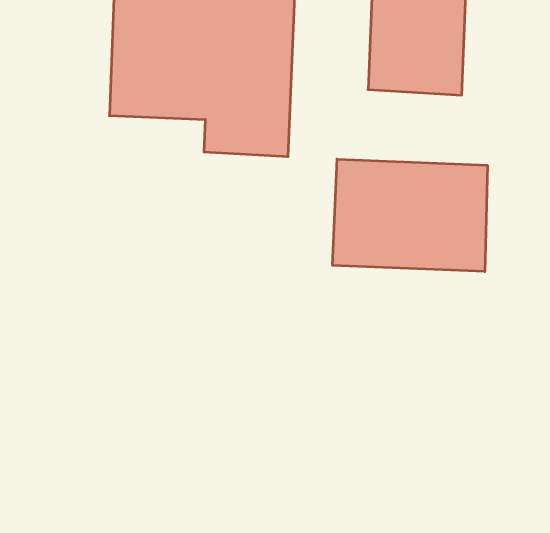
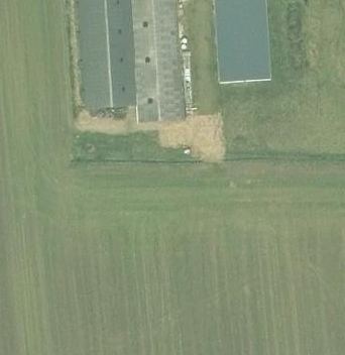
building: [333,159,487,272] -> none

